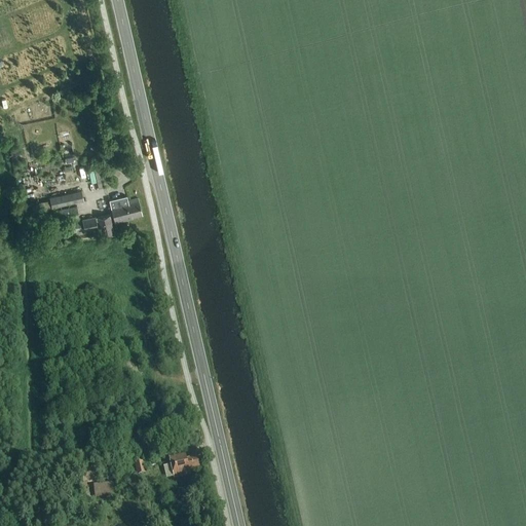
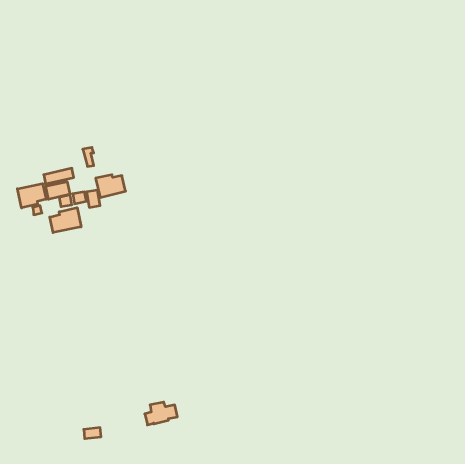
building: none -> [17,184,46,208]
building: none -> [50,208,81,233]

